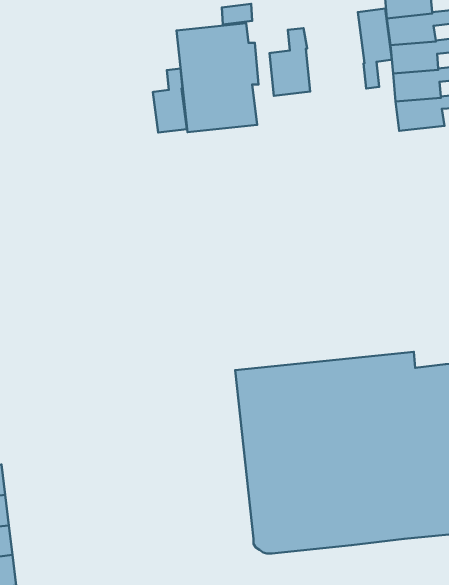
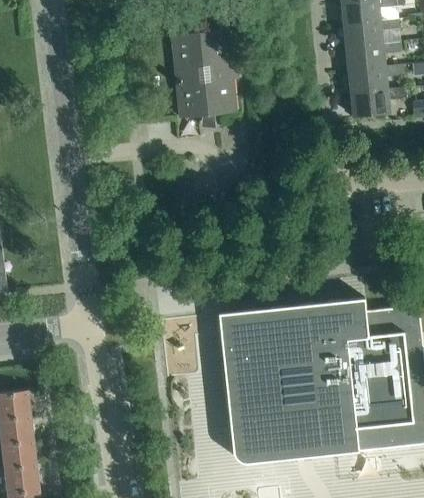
building: [358,8,392,88] -> none
building: [269,28,310,96] -> none
building: [153,69,187,133] -> none

